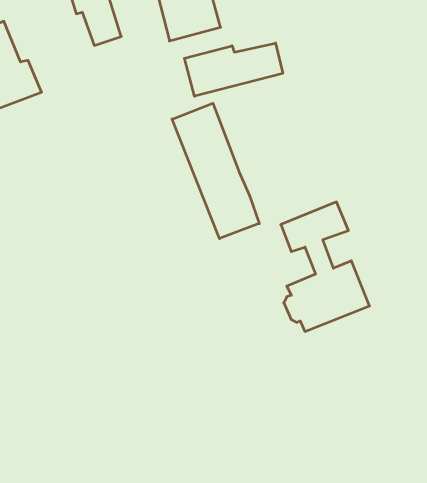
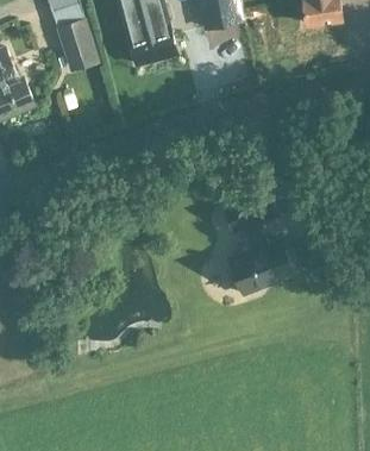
building: [184,43,283,96] -> none
building: [172,103,259,239] -> none

